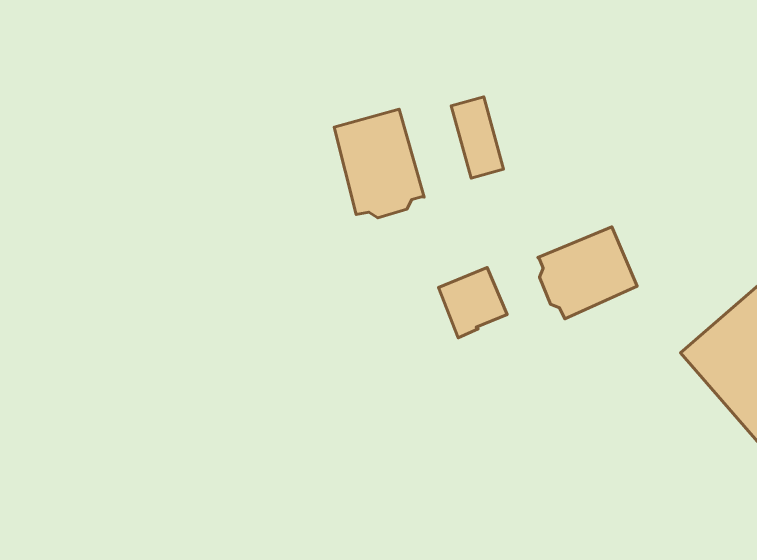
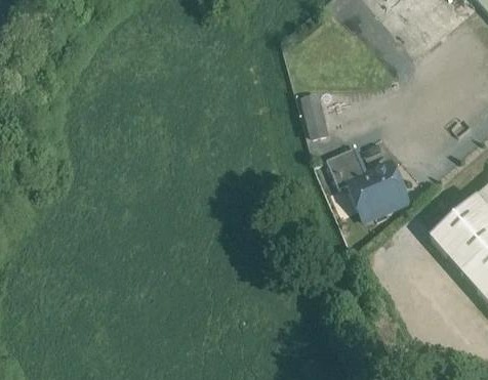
building: [334,109,424,218] -> none
building: [438,268,507,338] -> [329,146,368,186]

